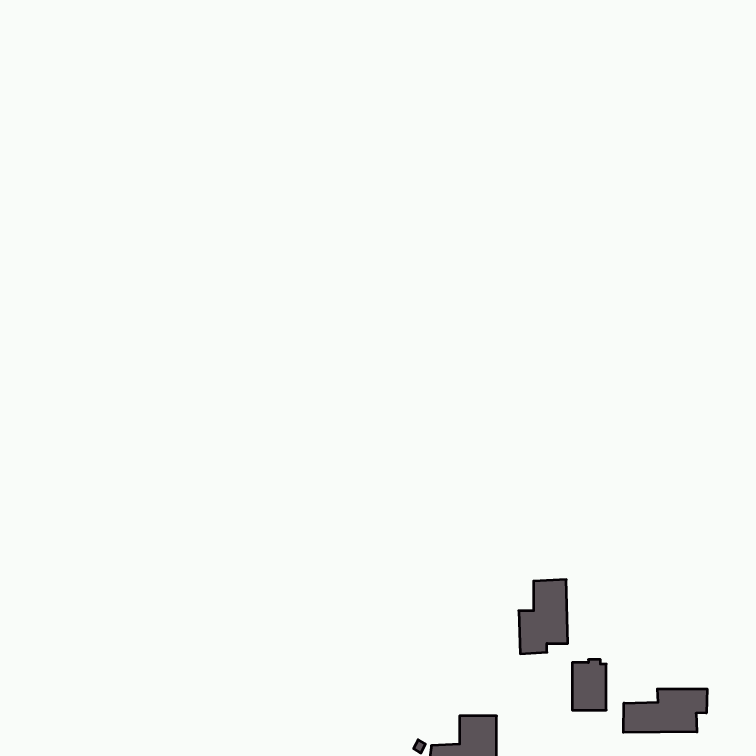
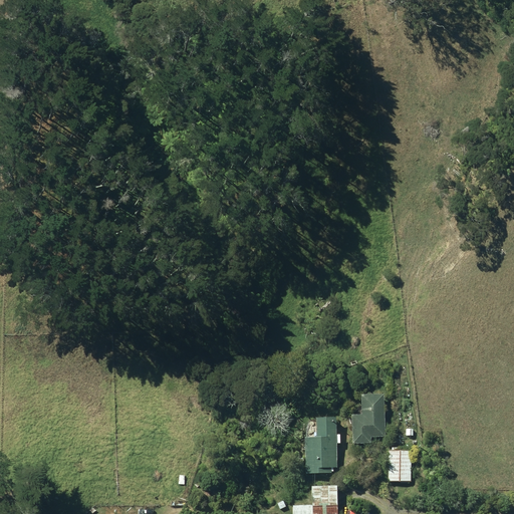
building: none -> [304,418,339,474]
building: [623,689,707,732] -> none

